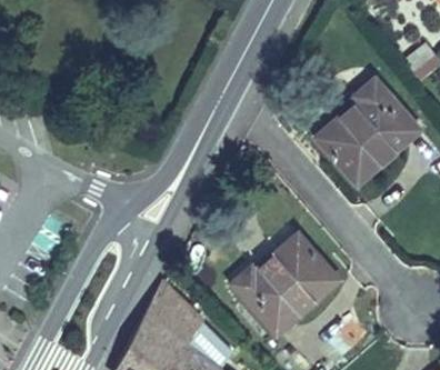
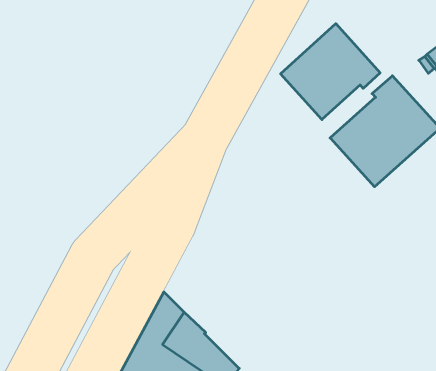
building: none -> [281,24,380,120]
building: [232,234,338,334] -> none

